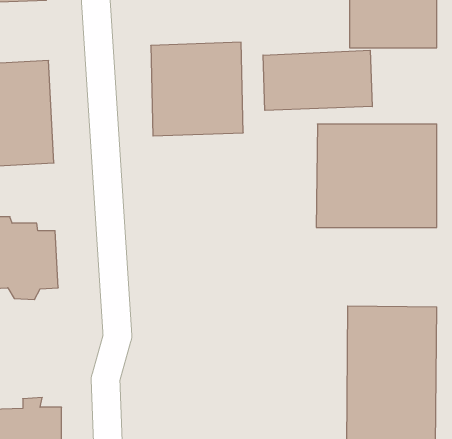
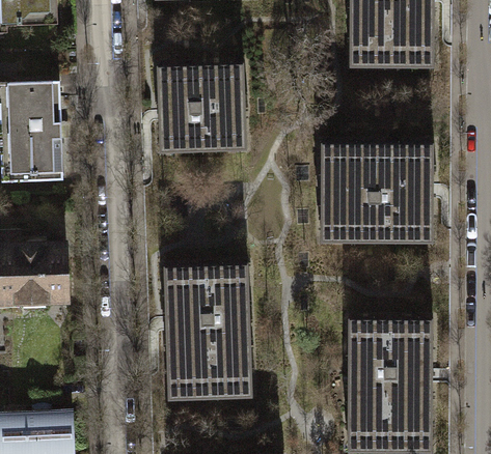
building: [263,50,372,110] -> none
building: none -> [164,264,251,398]

